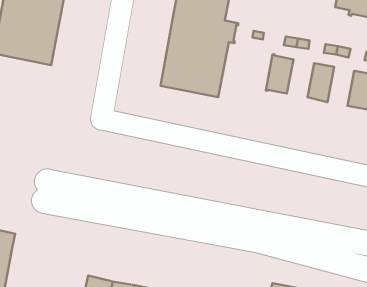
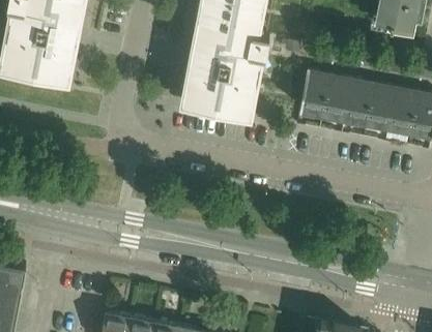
building: none -> [322,80,352,121]
building: none -> [367,88,396,130]

